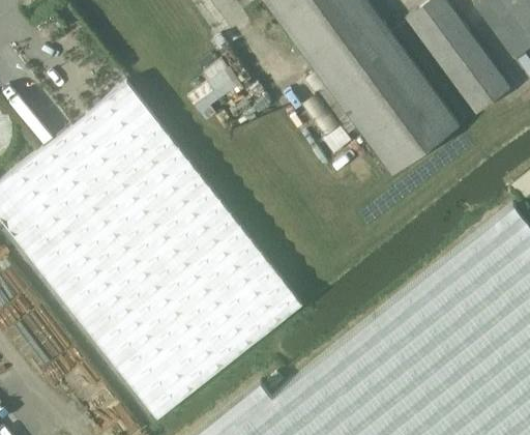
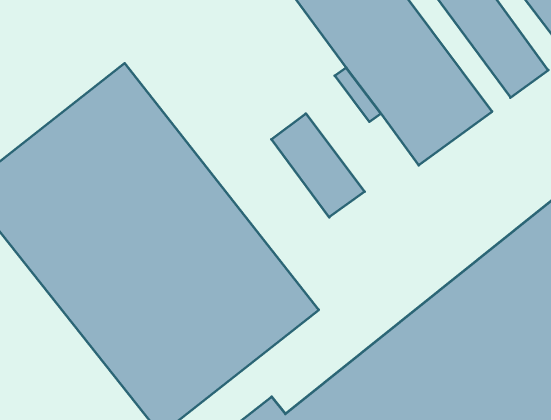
building: none -> [271,114,365,217]

